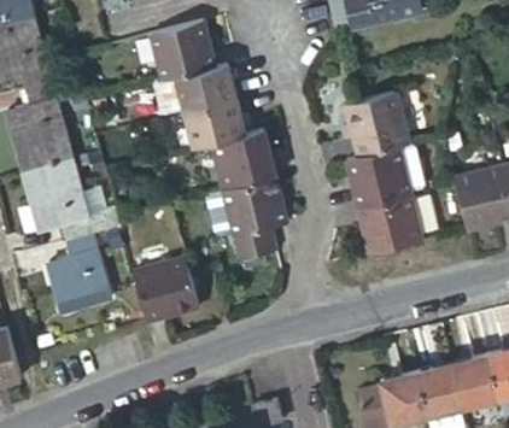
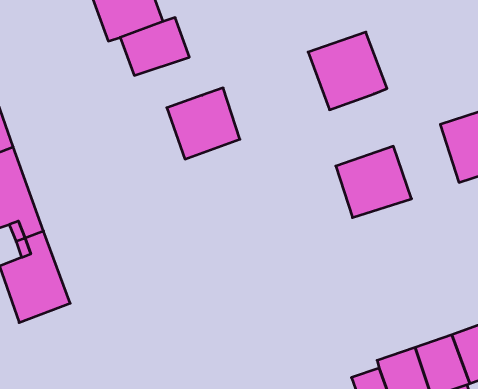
building: [186,98,245,145] -> none
building: [346,141,423,206] -> none
building: [224,175,287,259] -> none
building: [131,254,198,324] -> none

